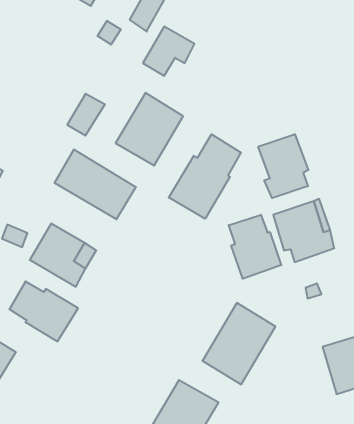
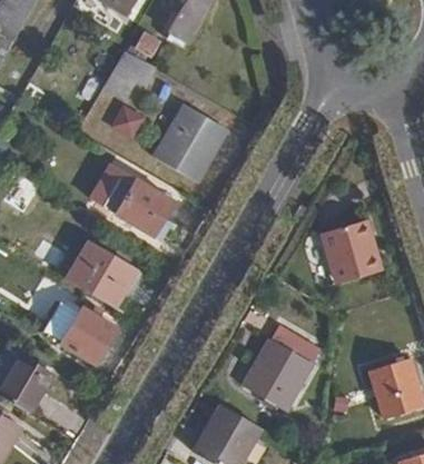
building: [143,27,194,76] -> [102,50,156,101]
building: [258,134,308,198] -> none
building: [169,134,241,219] -> none
building: [229,215,281,279] -> none

